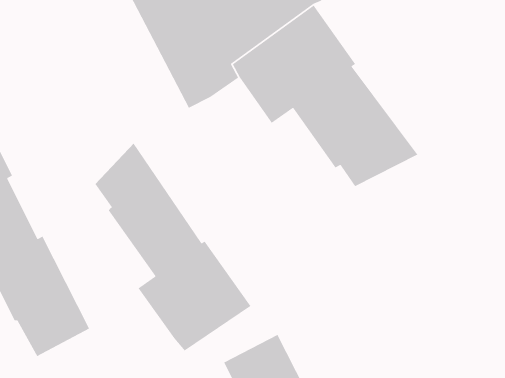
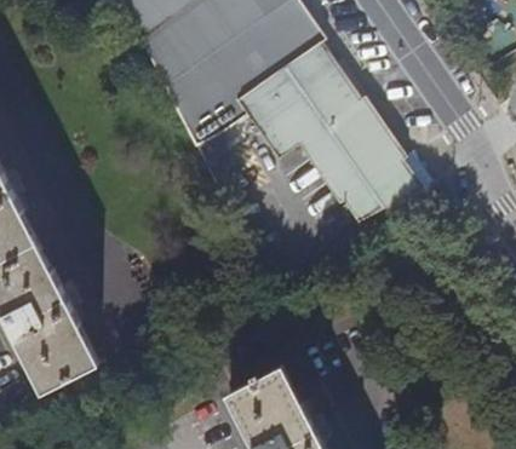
building: [94,142,251,352] -> none

